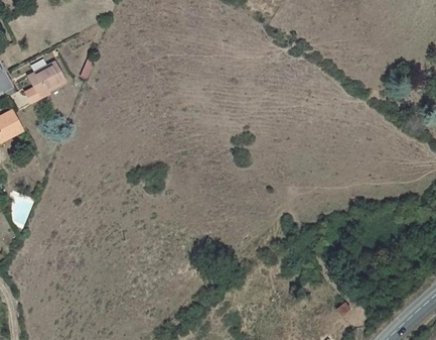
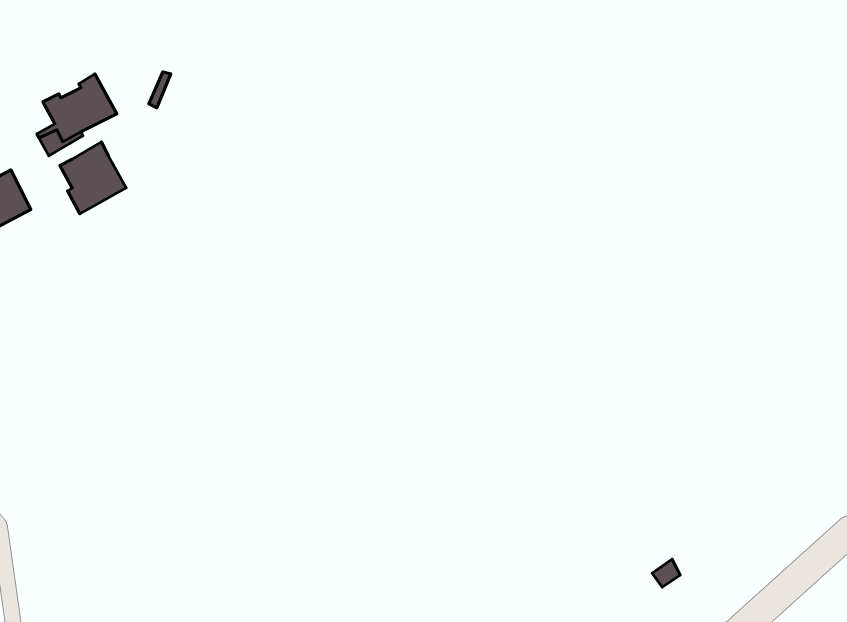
building: none -> [60,142,126,214]

